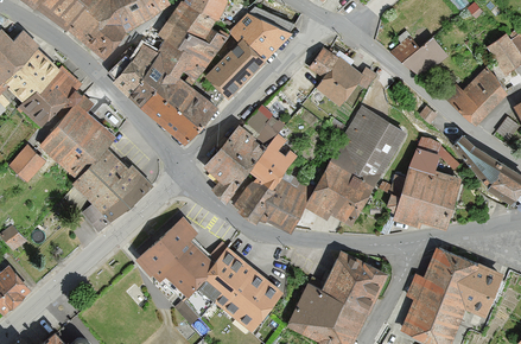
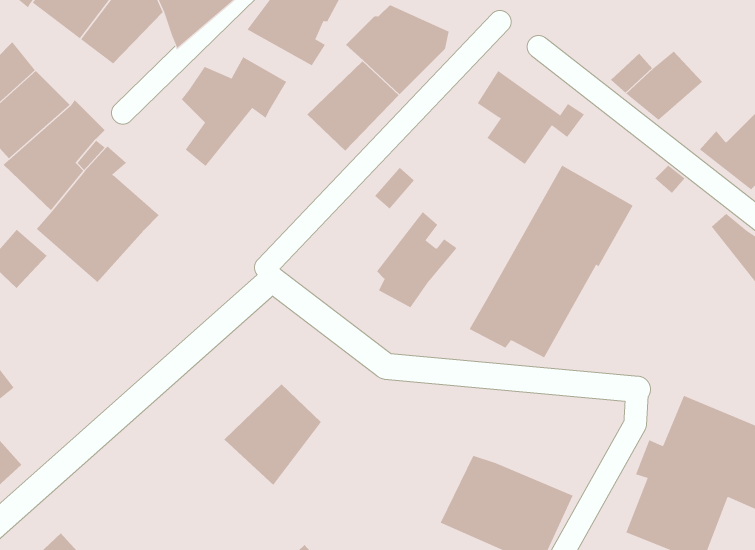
building: [87,12,126,57] -> none
building: [159,23,227,81] -> none
building: [109,53,142,96] -> none
building: [144,71,218,145] -> none
building: [204,125,277,200] -> none
building: [394,138,462,228] -> none
building: [72,146,152,230] -> none
building: [234,177,316,231] -> none
building: [136,216,197,274] -> none
building: [185,237,282,330] -> none
building: [322,251,386,308] -> none

